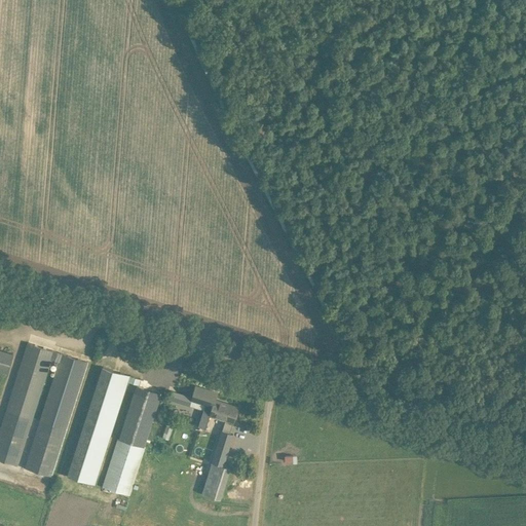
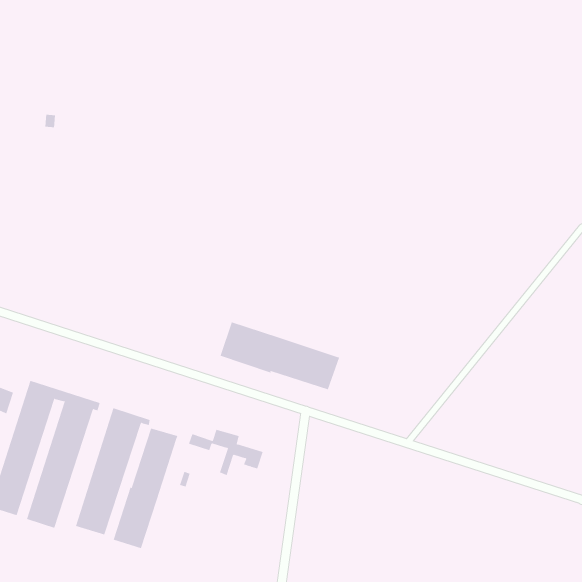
building: none -> [220,321,340,390]
building: [201,421,232,499] -> none

